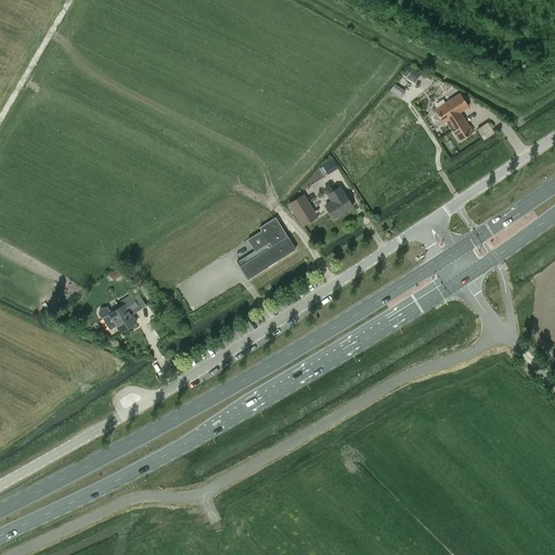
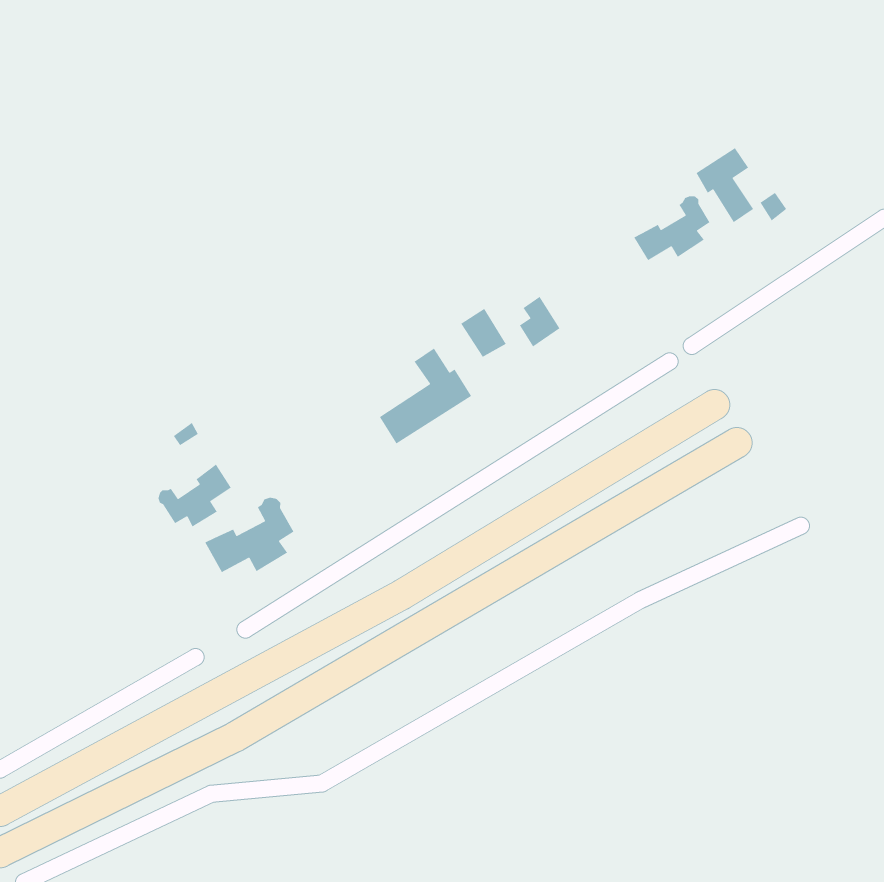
building: none -> [633,195,711,261]
building: none -> [204,497,295,573]

